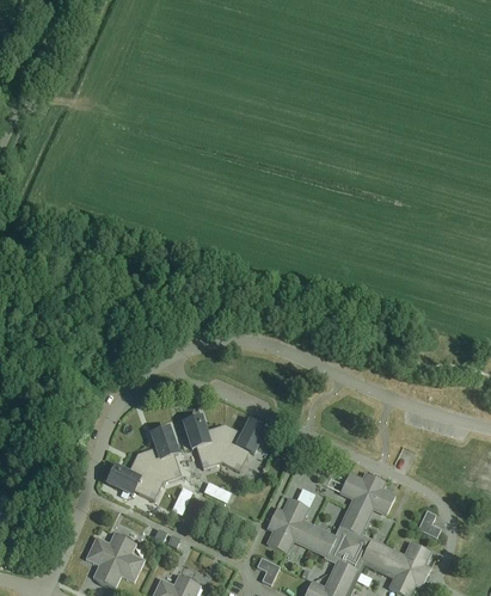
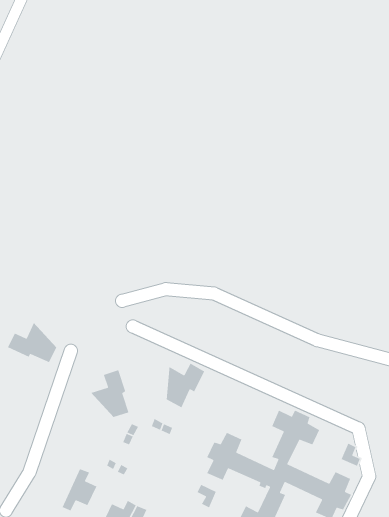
building: [184,417,226,469] -> none
building: [108,454,164,500] -> [7,322,57,363]
building: [86,533,125,583] -> none

